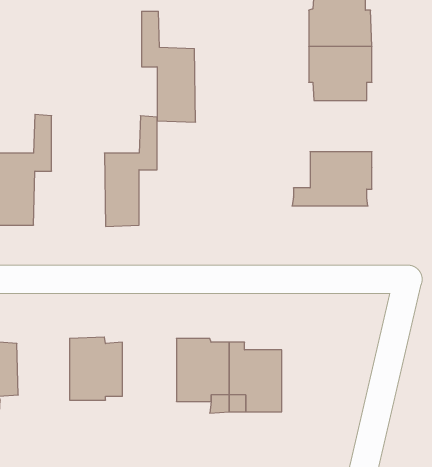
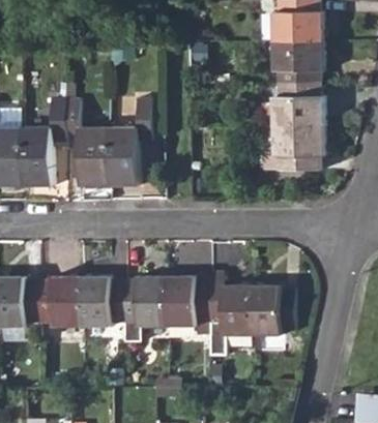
building: [142,11,196,122] -> [67,97,111,186]
building: none -> [275,85,325,126]
building: none -> [39,276,82,326]
building: none -> [124,276,168,343]
building: none -> [253,284,295,335]

